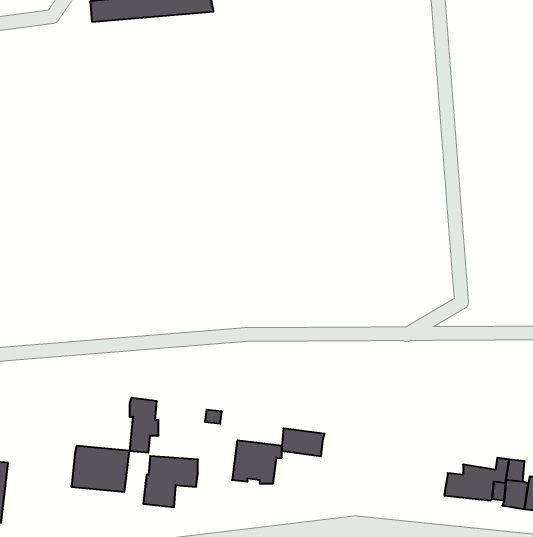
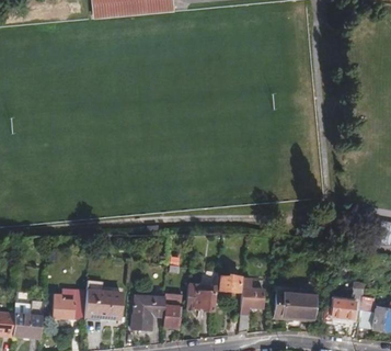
building: [130,398,159,453] -> [165,293,184,328]
building: none -> [240,284,266,331]
building: none -> [53,290,87,319]
building: none -> [278,291,318,318]

